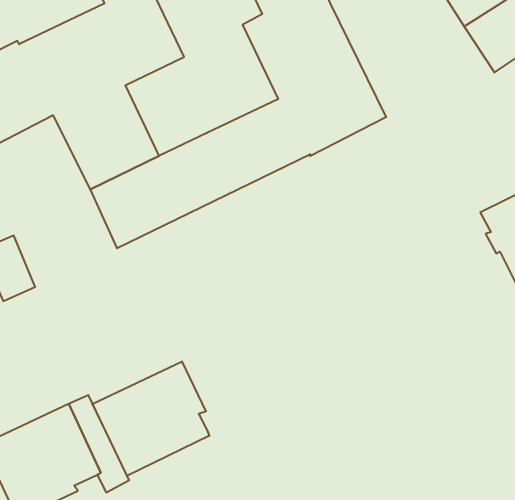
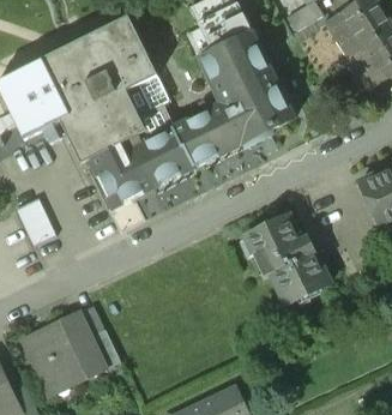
building: none -> [117,76,173,143]
building: none -> [242,215,328,305]
building: [93,361,209,476] -> none

